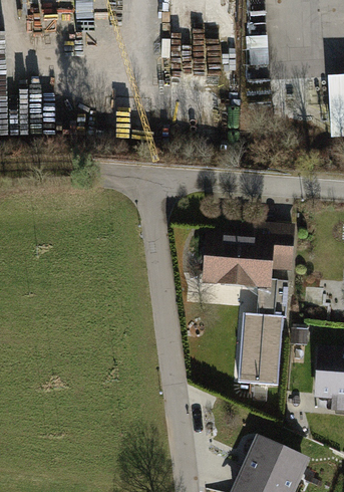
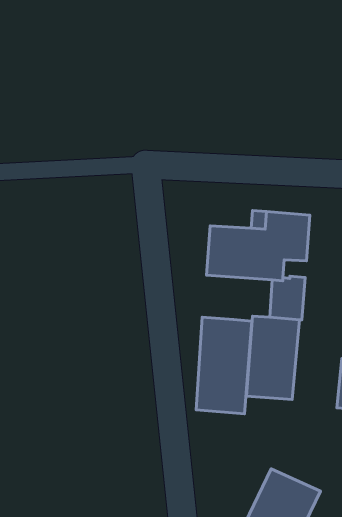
building: none -> [196,317,252,414]

